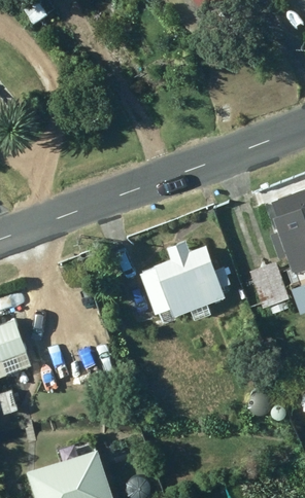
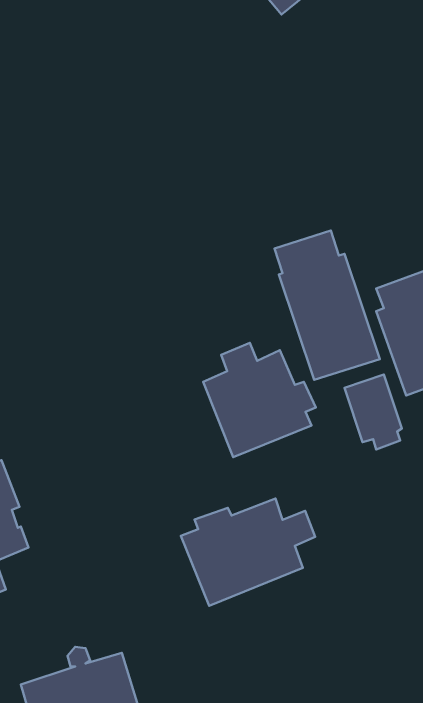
building: none -> [274,231,380,380]
building: none -> [181,499,315,606]

